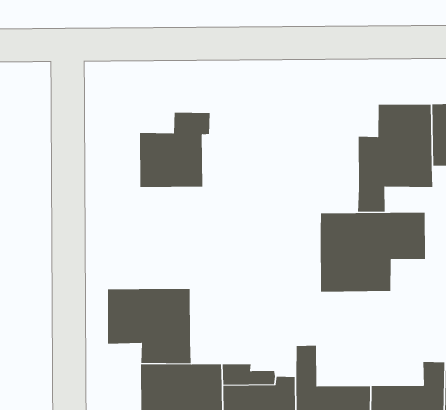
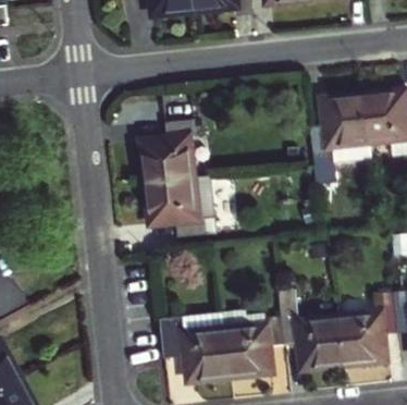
building: [320,212,425,292] -> none
building: [107,288,191,364] -> [146,175,217,236]

